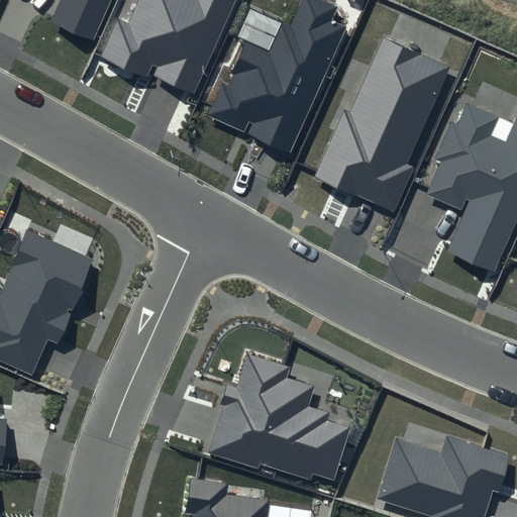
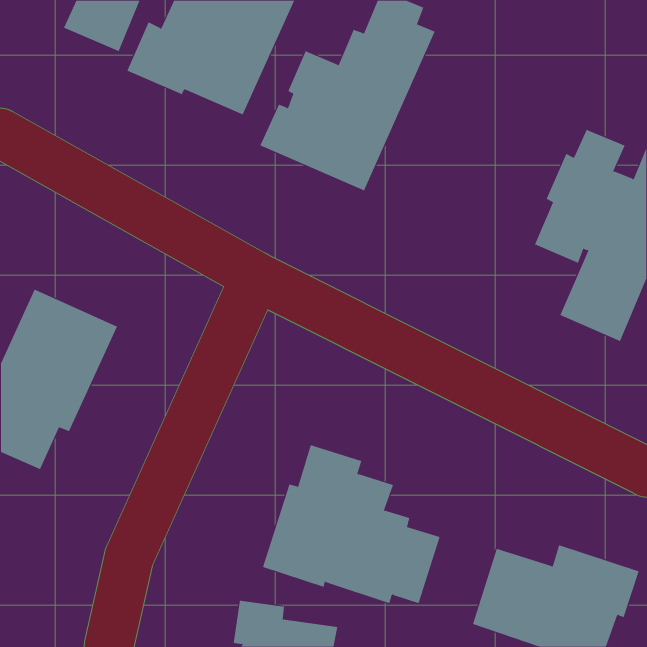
building: [314,37,449,213] -> none

